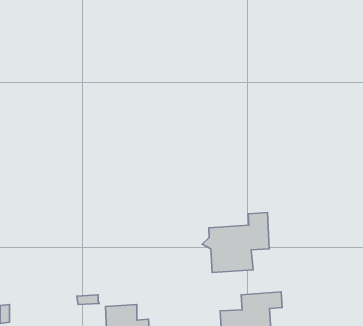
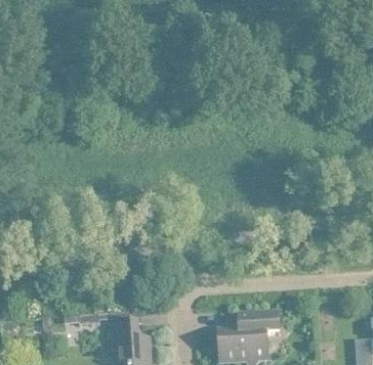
building: [202,212,269,273] -> none

